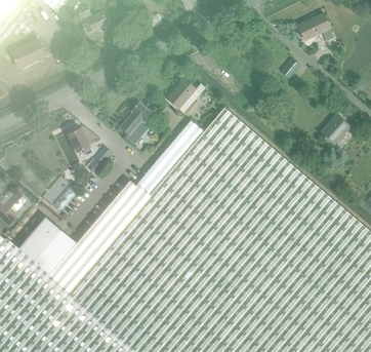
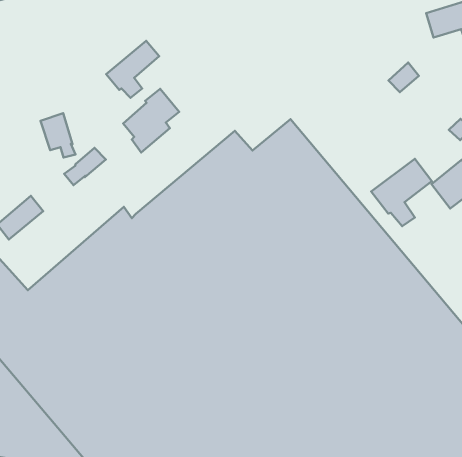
building: none -> [106,41,159,98]
building: [166,79,196,110] -> none
building: none -> [371,159,432,226]

